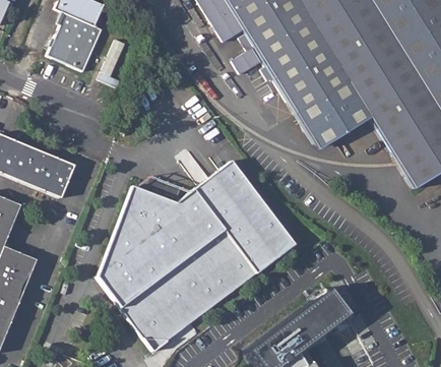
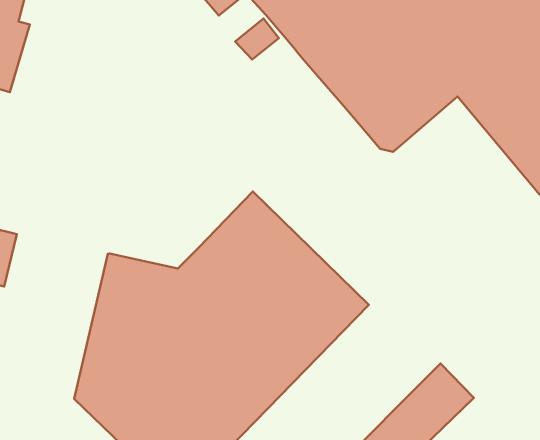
building: [99,40,125,87] -> none

